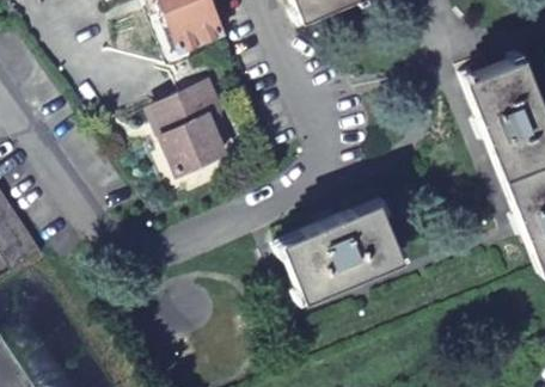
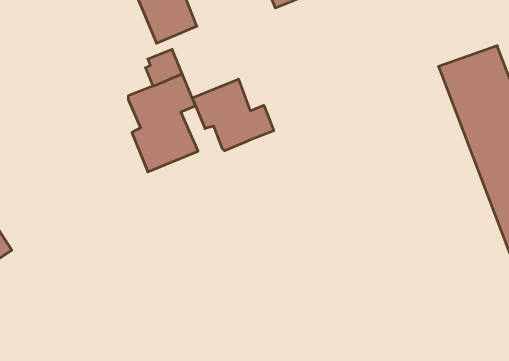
building: none -> [192,79,274,151]
building: [277,201,400,295] -> none

